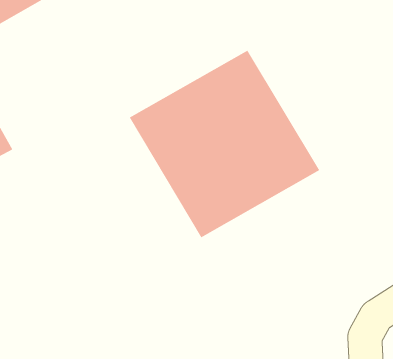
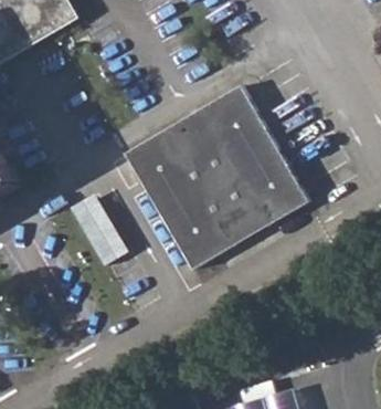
building: none -> [72,190,129,263]

